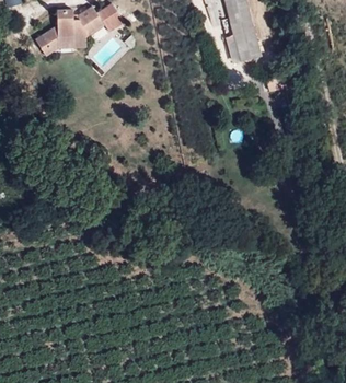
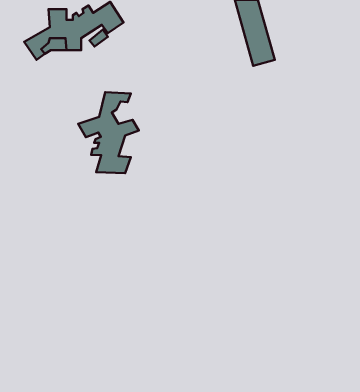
building: none -> [78,92,139,173]

